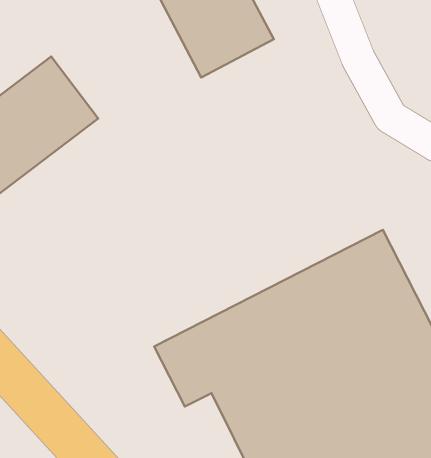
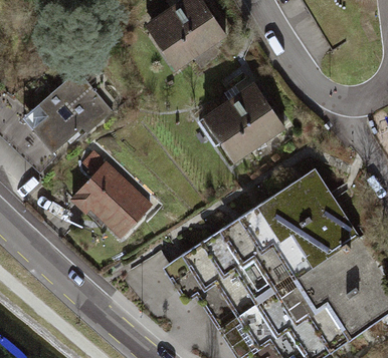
building: none -> [194,85,281,171]
building: none -> [67,155,164,249]

